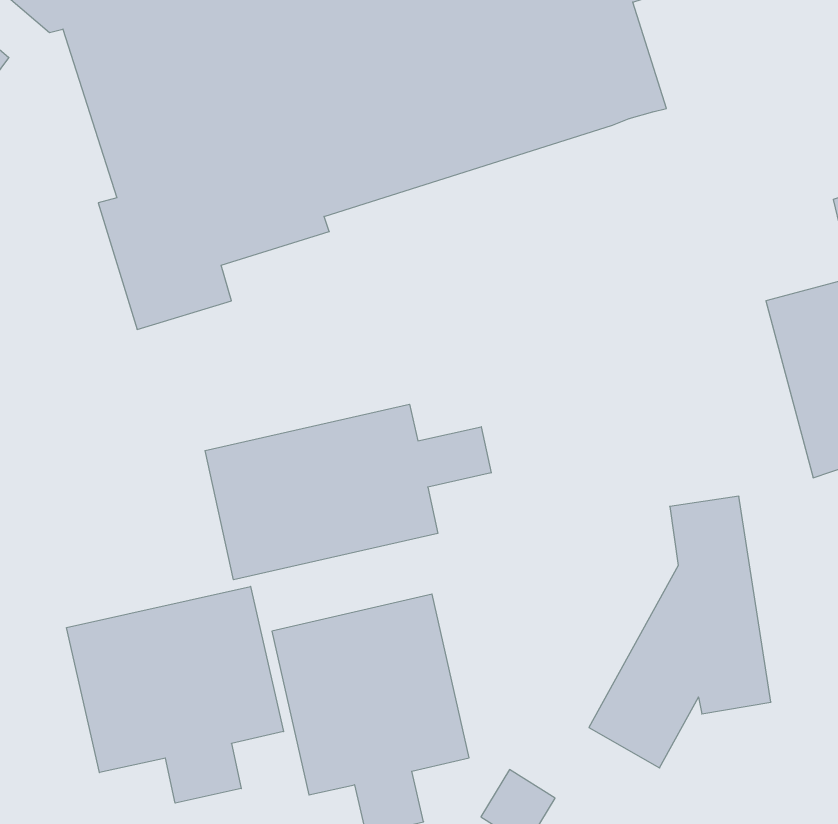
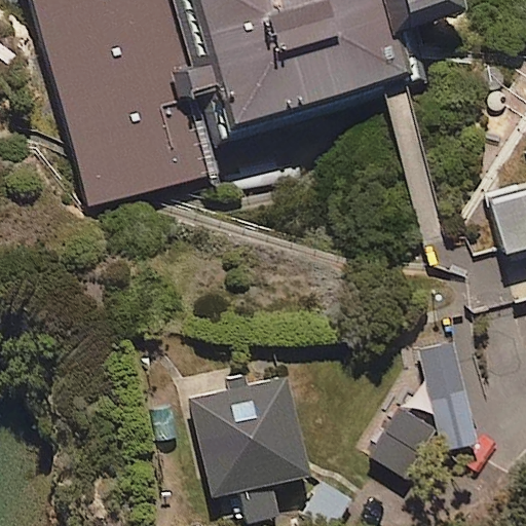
building: [205,404,491,580] -> none
building: [67,586,284,803] -> none

